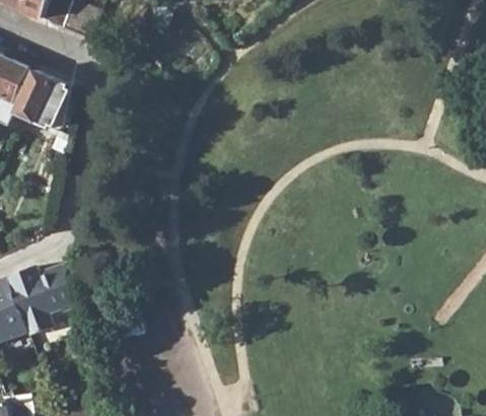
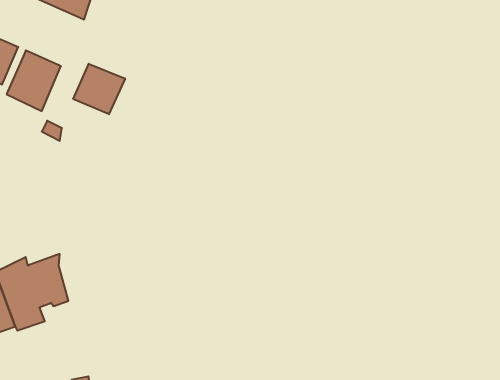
building: none -> [73,64,125,114]

